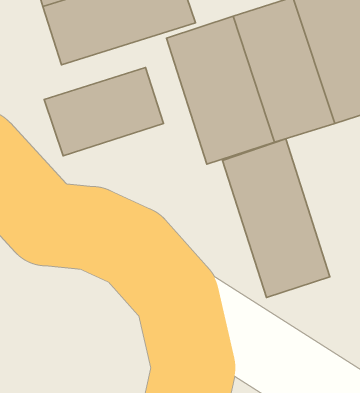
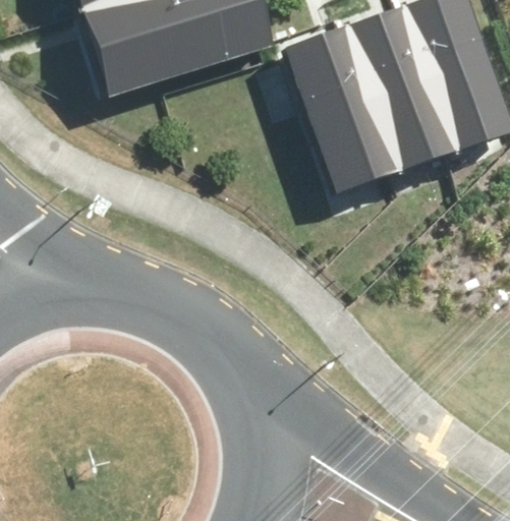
building: [44,67,164,156] -> none
building: [222,139,330,298] -> none

